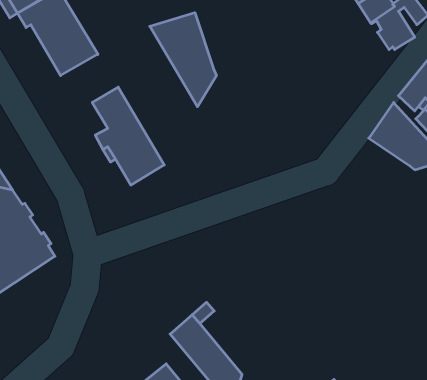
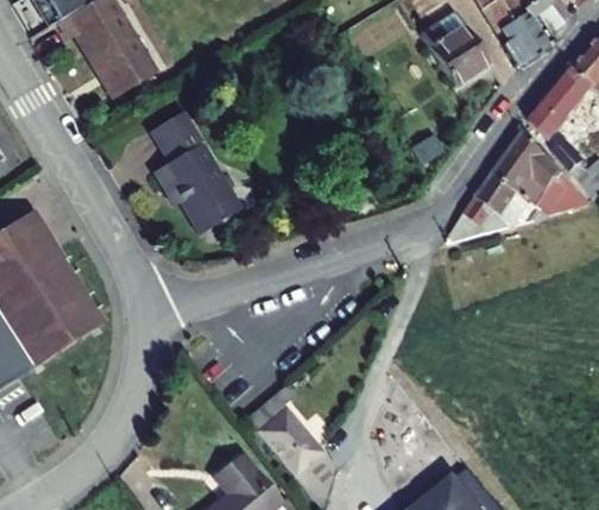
building: none -> [421,11,488,86]
building: [150,13,216,107] -> none
building: none -> [446,174,544,240]

